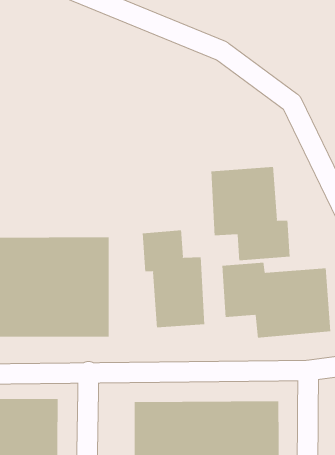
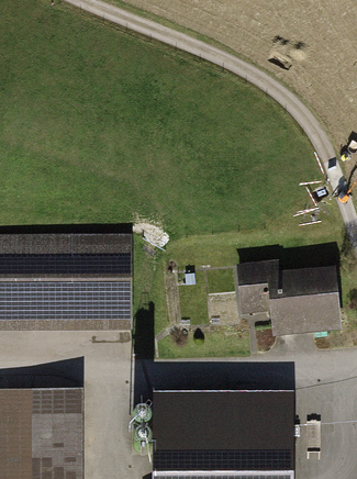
building: [211,166,290,261] -> none
building: [142,230,205,328] -> none

